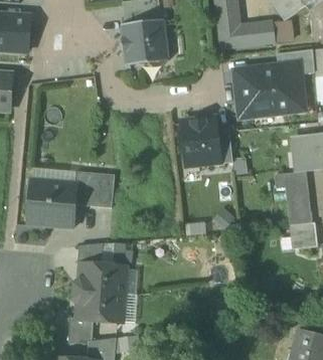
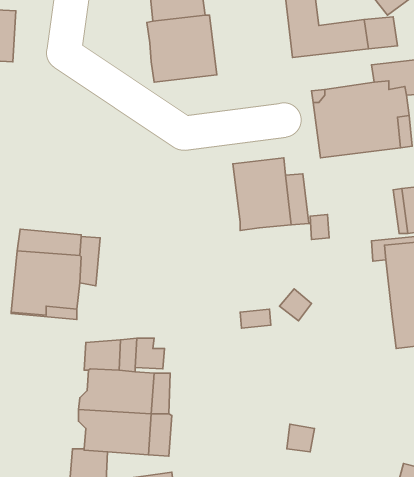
building: [85,173,114,208] -> none

